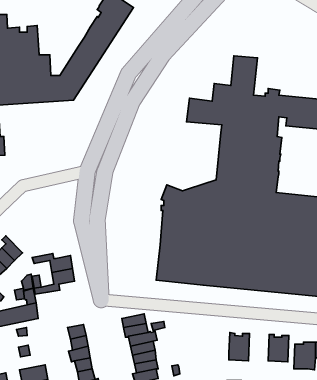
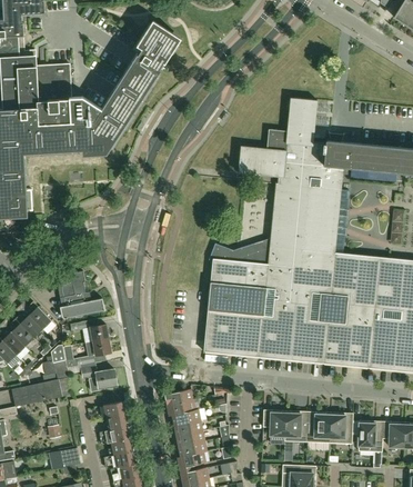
building: none -> [59,271,105,318]
building: none -> [81,362,118,391]
building: none -> [263,410,286,436]
building: none -> [308,411,331,443]

